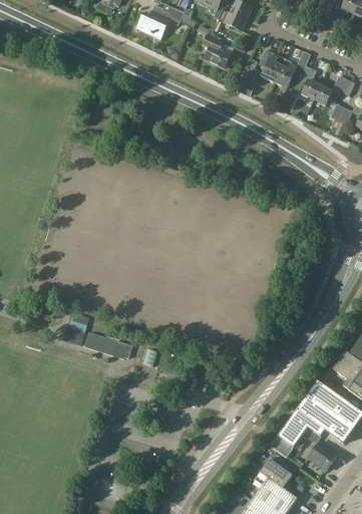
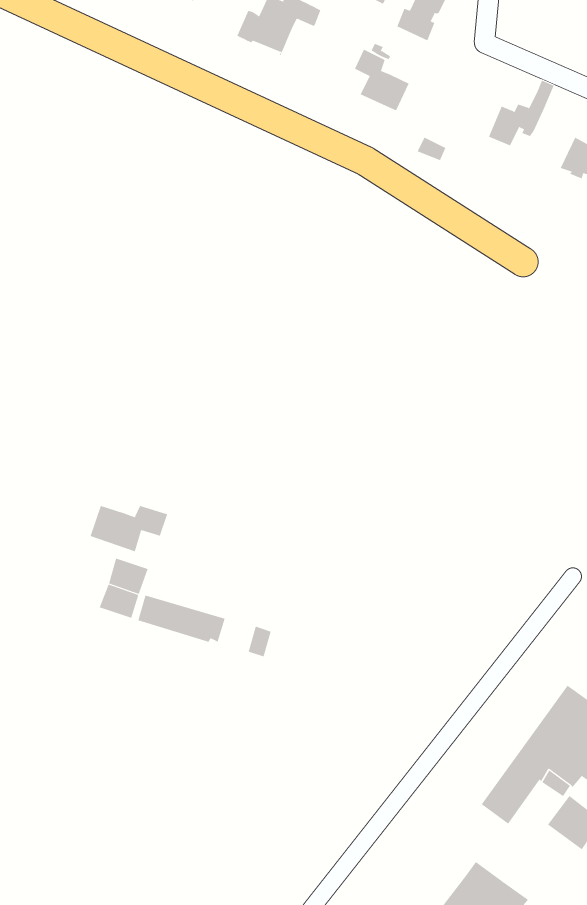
building: [260,48,282,81] -> none
building: [300,65,322,98] -> none
building: none -> [90,505,168,552]
building: [255,458,292,488] -> none

